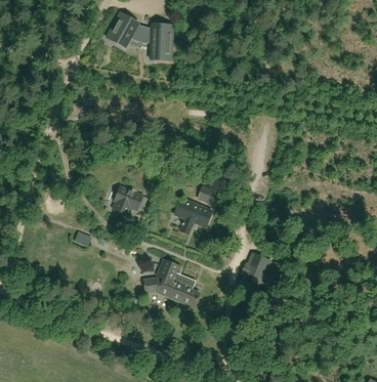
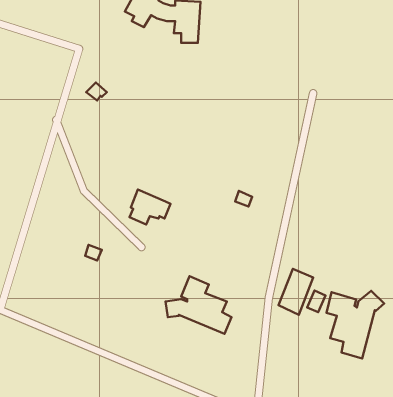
building: [174,203,210,235] -> none
building: none -> [327,291,384,358]

